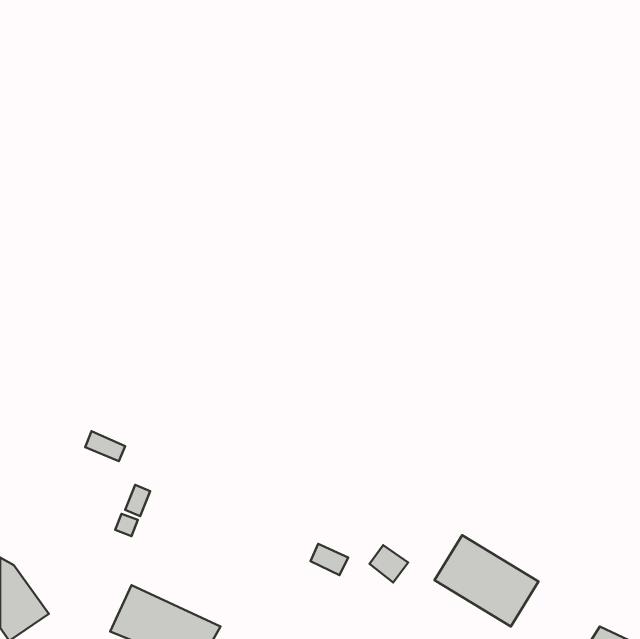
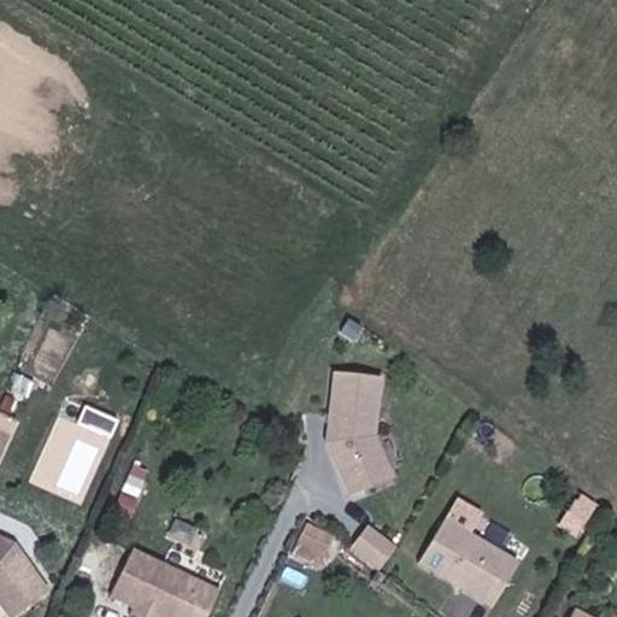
building: none -> [328,368,394,494]

